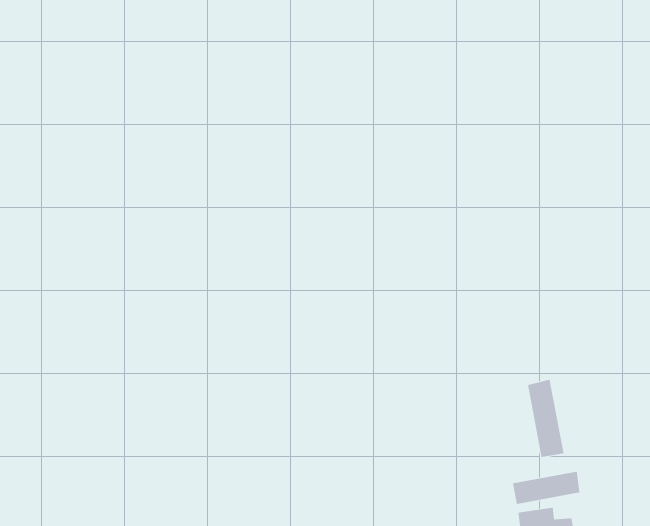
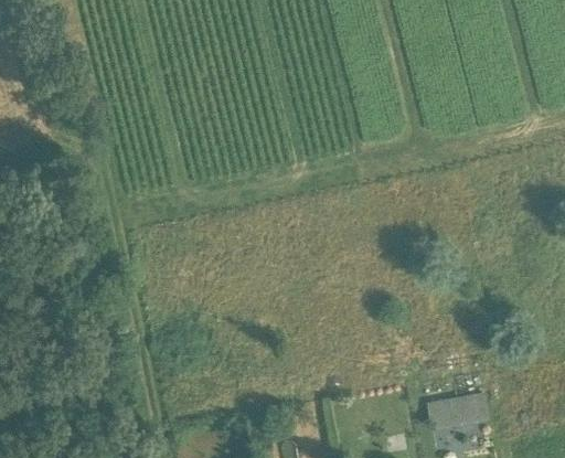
building: [527,379,564,458] -> none

